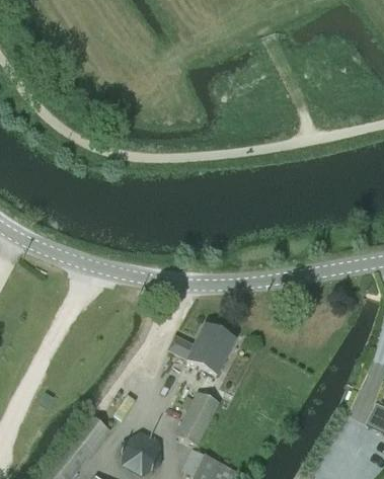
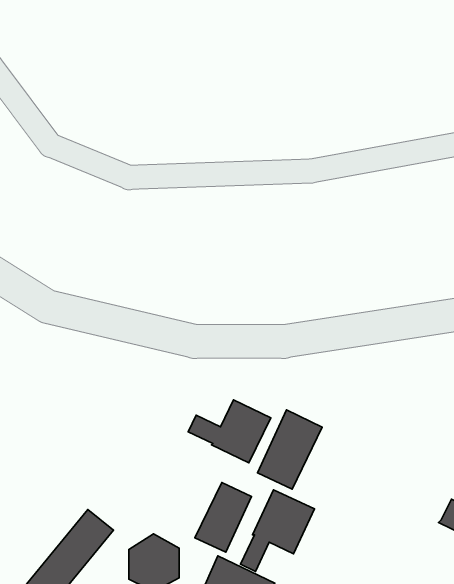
building: none -> [257,410,322,489]
building: none -> [241,490,314,572]

